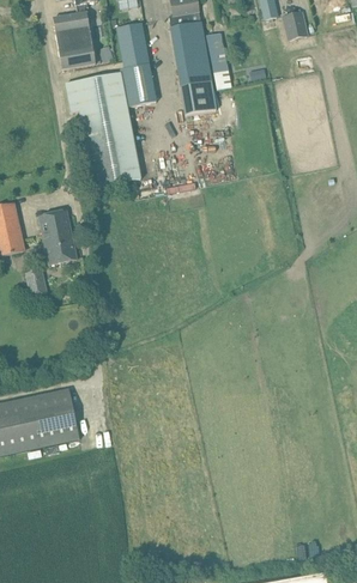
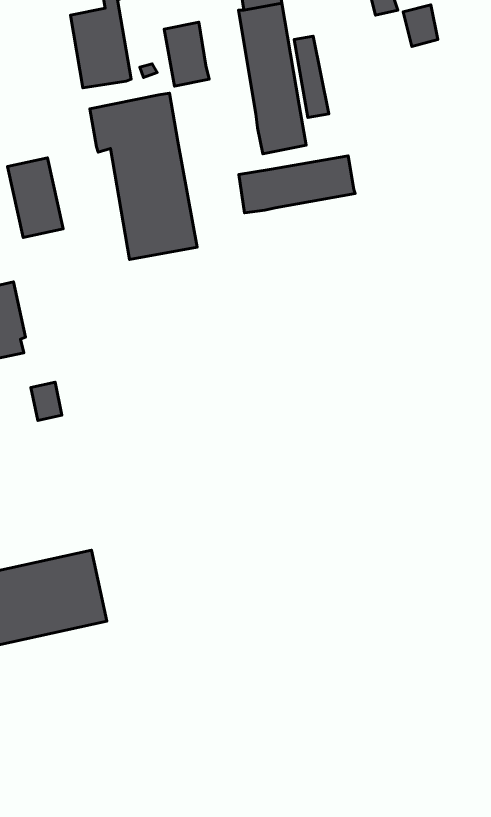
building: [120,62,156,105] -> none
building: none -> [239,156,355,213]
building: [38,209,77,265] -> [8,158,63,237]

